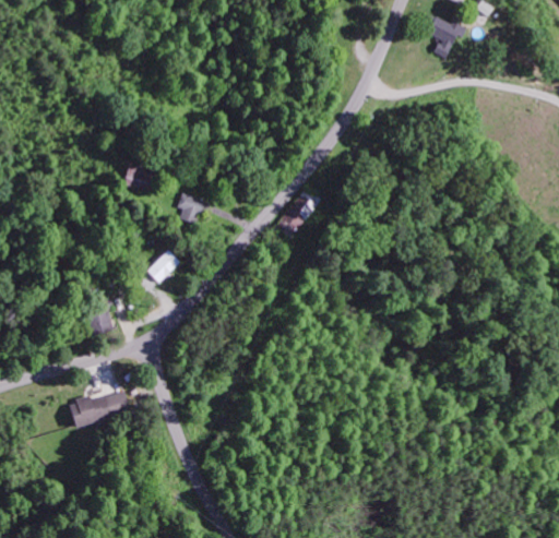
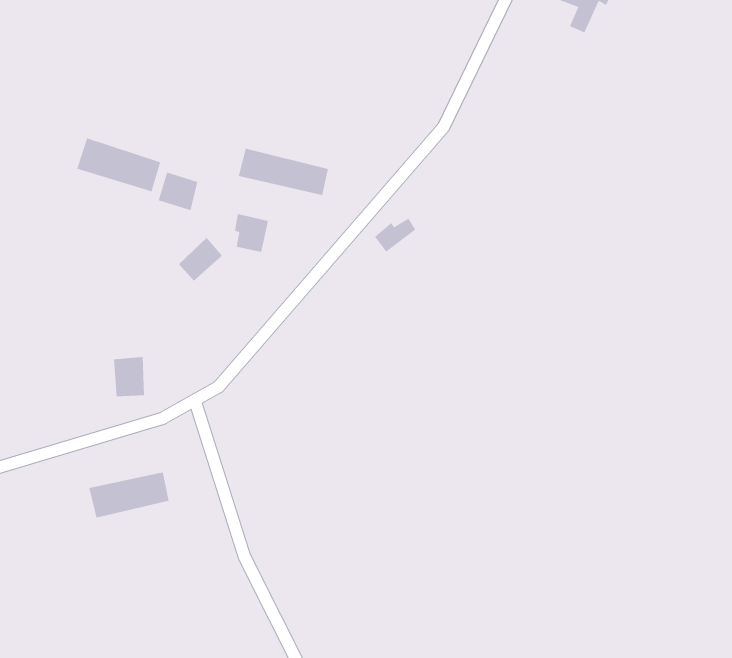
building: none -> [76,138,161,192]
building: none -> [238,148,328,196]
building: [146,248,180,282] -> [178,237,223,281]

